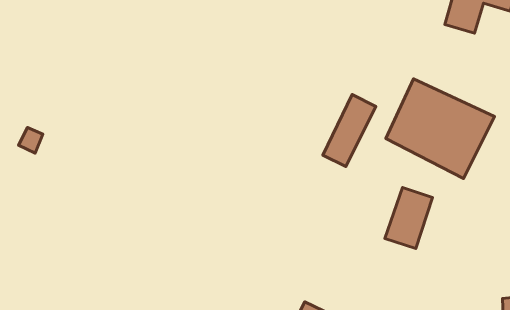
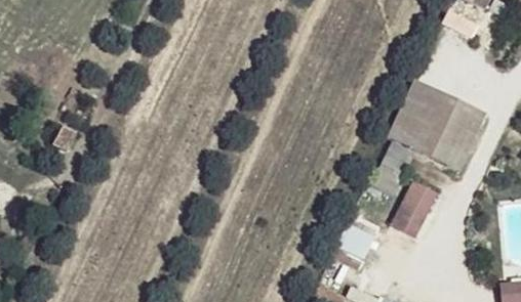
building: [323,95,376,167] -> none

